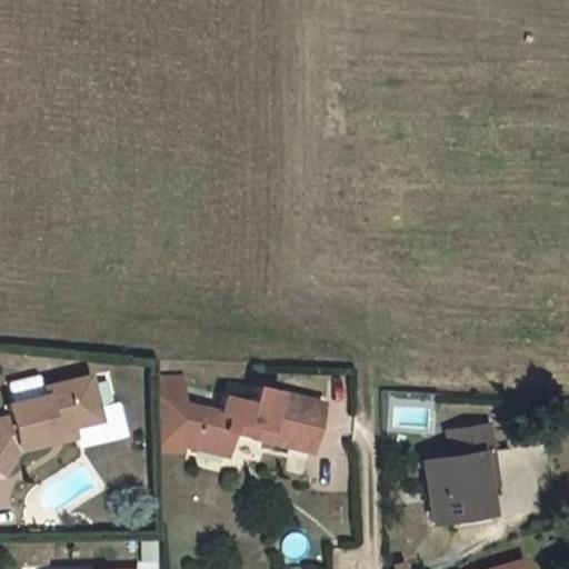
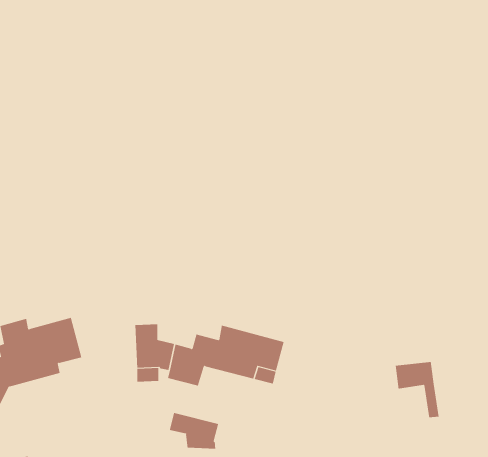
building: [427,453,493,521] -> none
building: none -> [169,412,219,450]

